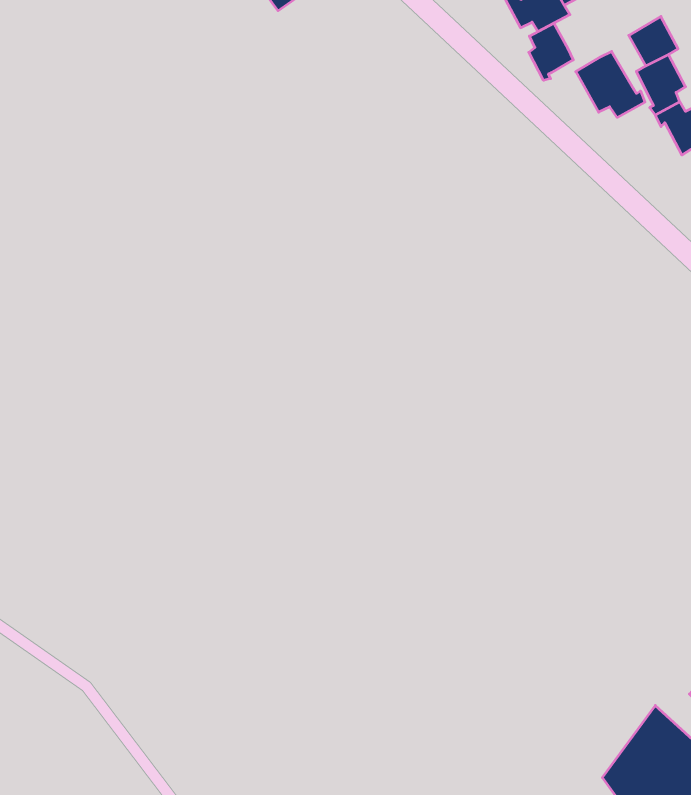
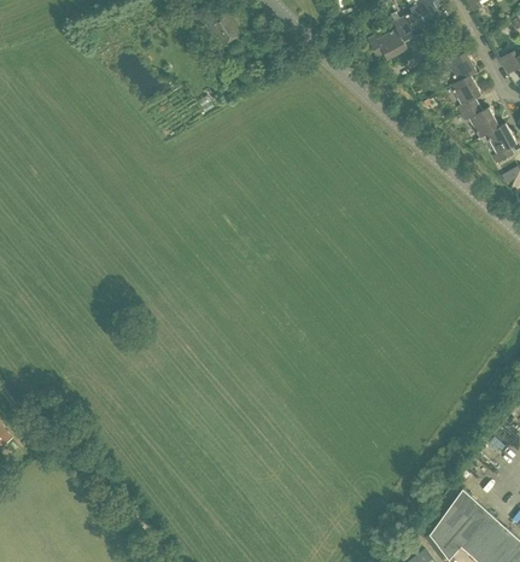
building: [529,23,573,80] -> none
building: [576,51,645,117] -> none

